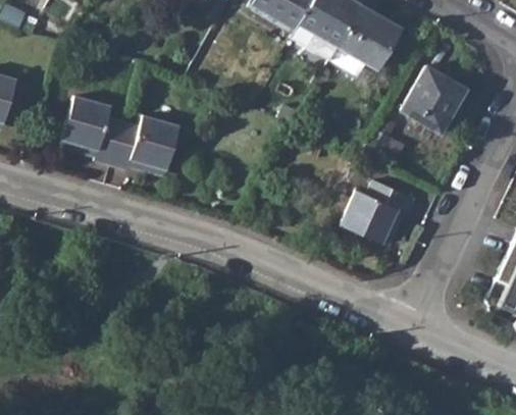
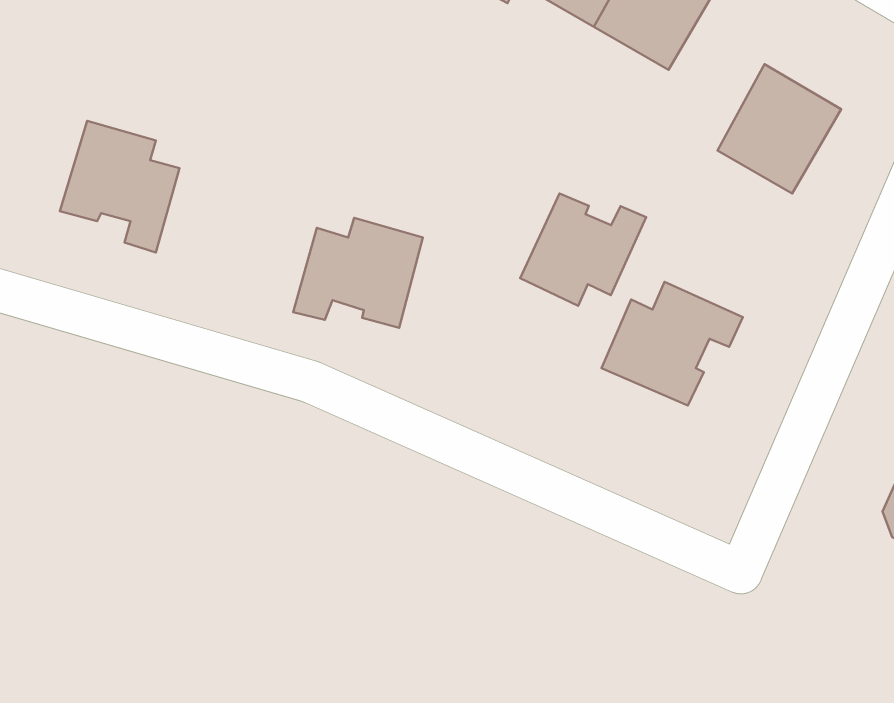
building: [111,116,178,173] -> [293,218,423,328]
building: none -> [520,194,646,306]

